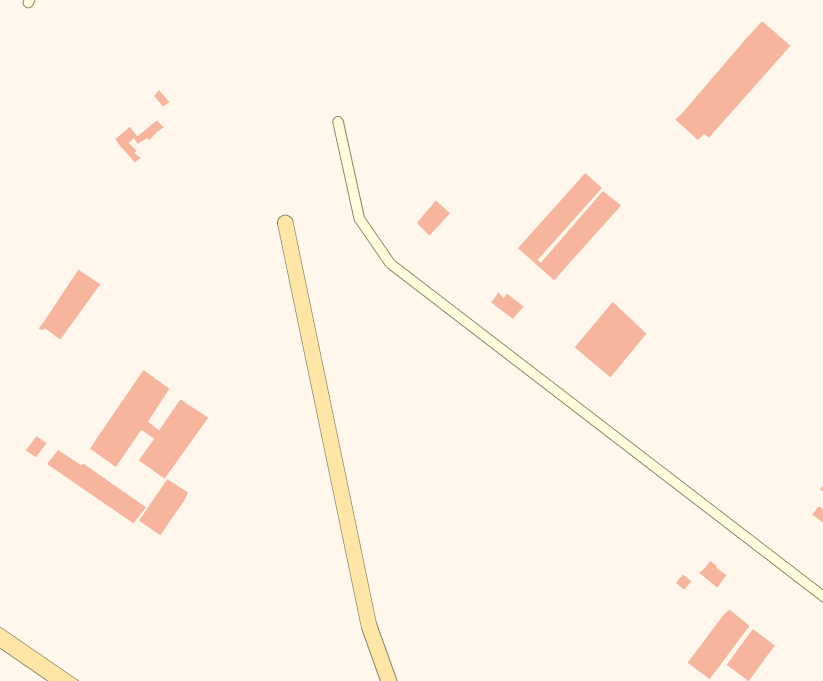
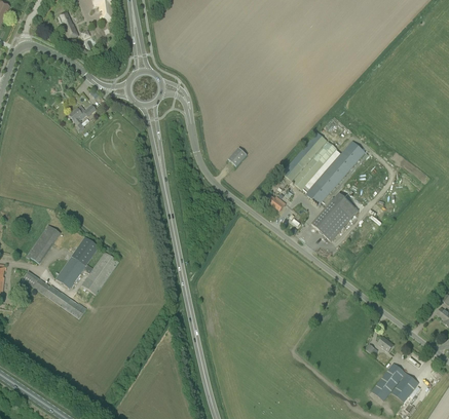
building: [675,20,791,141] -> [306,140,368,203]
building: [37,269,101,341] -> [27,224,61,262]
building: [138,478,189,536] -> none

